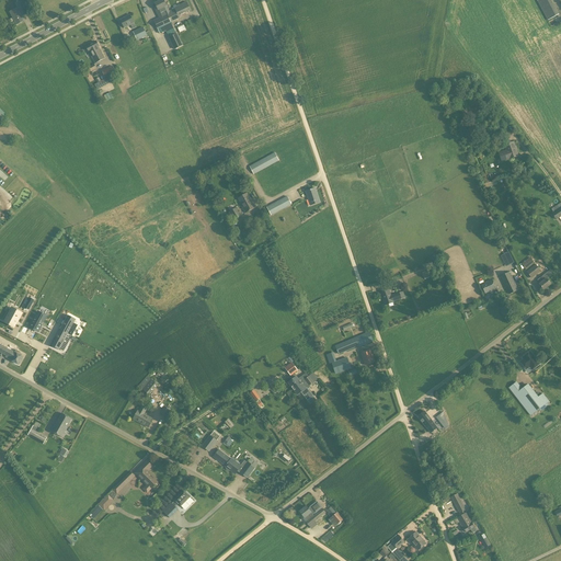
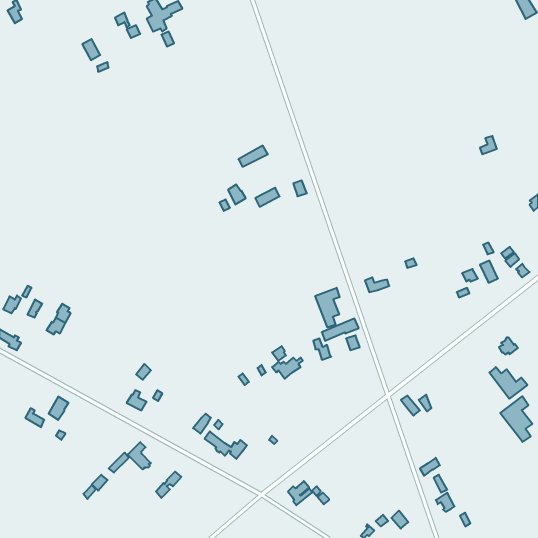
building: none -> [315,288,340,327]
building: none -> [500,396,532,442]

